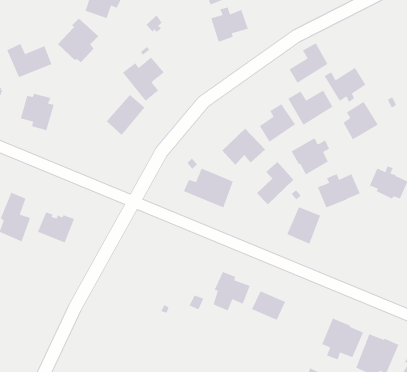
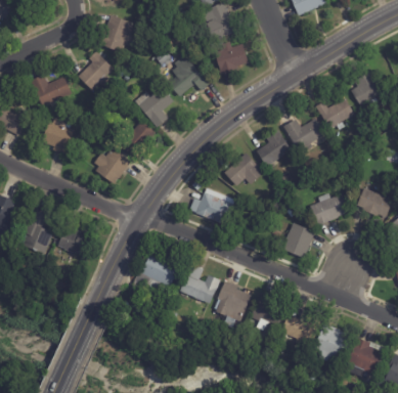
building: none -> [168,55,209,97]
building: [288,42,329,84] -> none
building: [342,101,379,141] -> [352,70,385,105]
building: none -> [93,148,131,185]
building: [290,137,330,175] -> none
building: [256,161,294,205] -> none
building: none -> [127,252,180,302]
building: none -> [180,263,220,303]
building: none -> [281,314,321,344]

